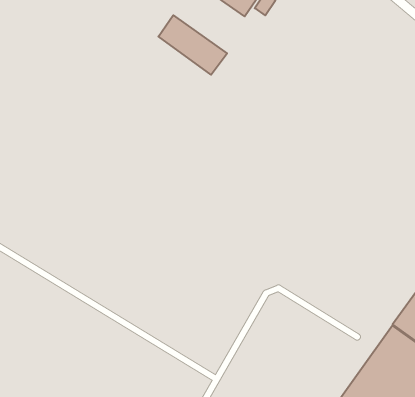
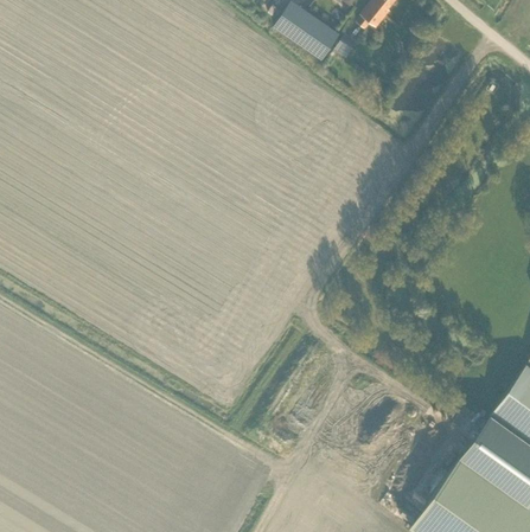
building: [158,15,227,75] -> none

